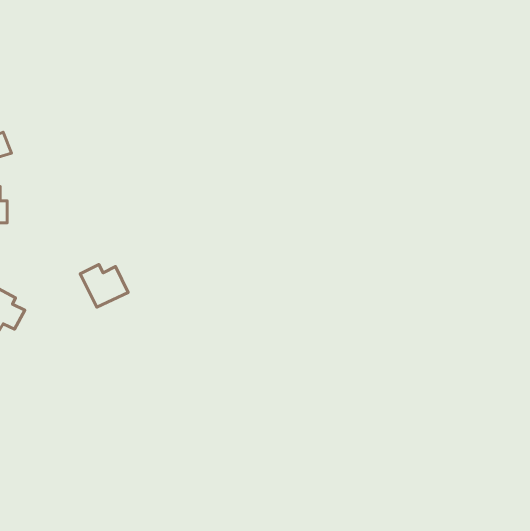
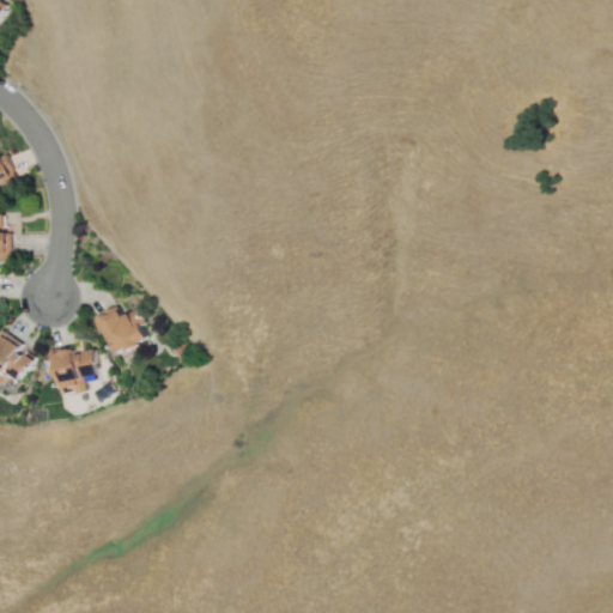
building: none -> [51,346,93,393]

